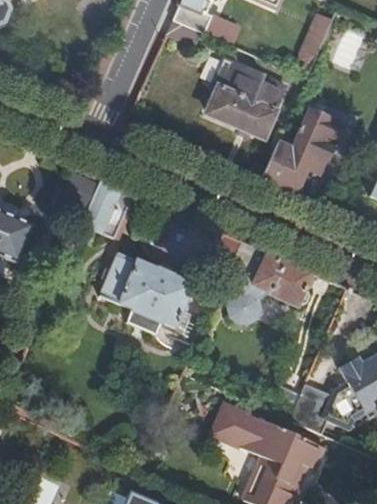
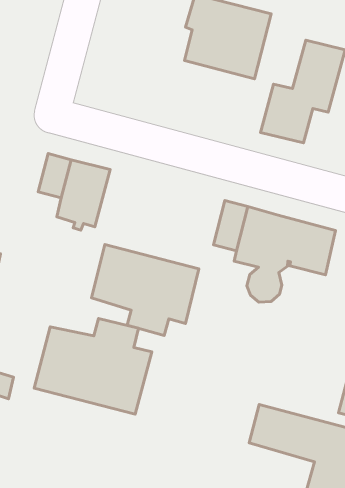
building: none -> [34,319,152,414]

